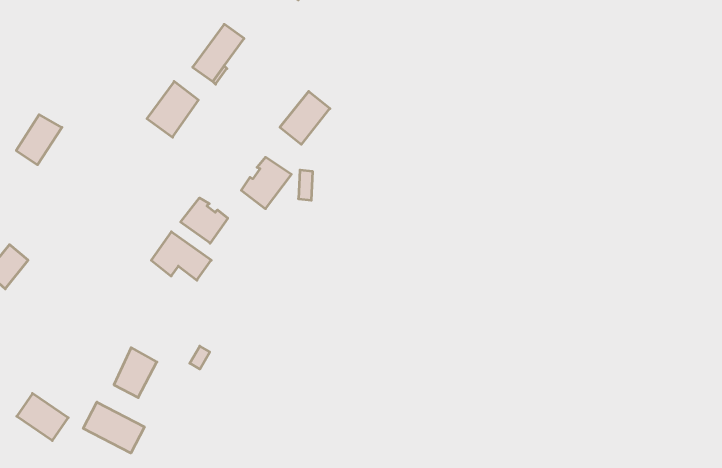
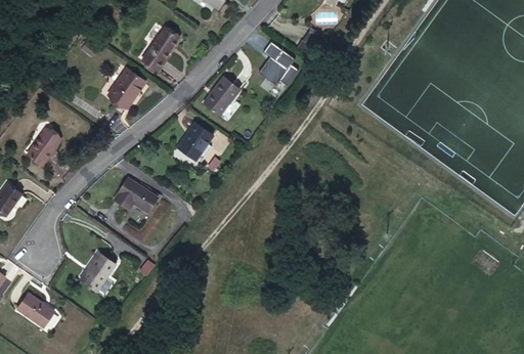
building: none -> [258,40,297,83]
building: [16,115,62,165] -> [31,130,63,166]
building: [181,198,228,243] -> none
building: [83,402,144,453] -> none

